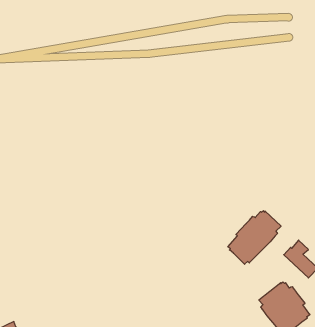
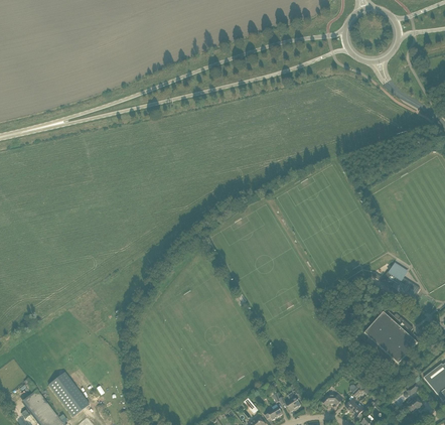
building: [228,211,281,264] -> none

